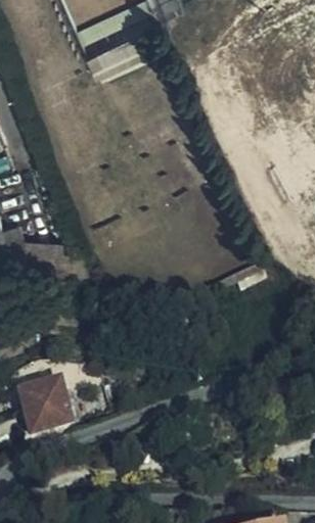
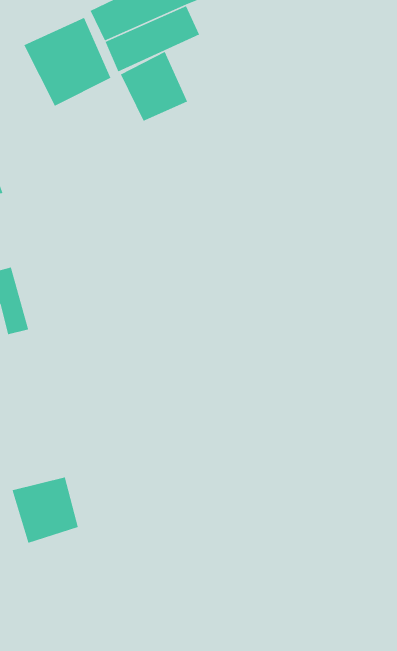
building: none -> [23,17,112,107]
building: none -> [120,51,188,122]

